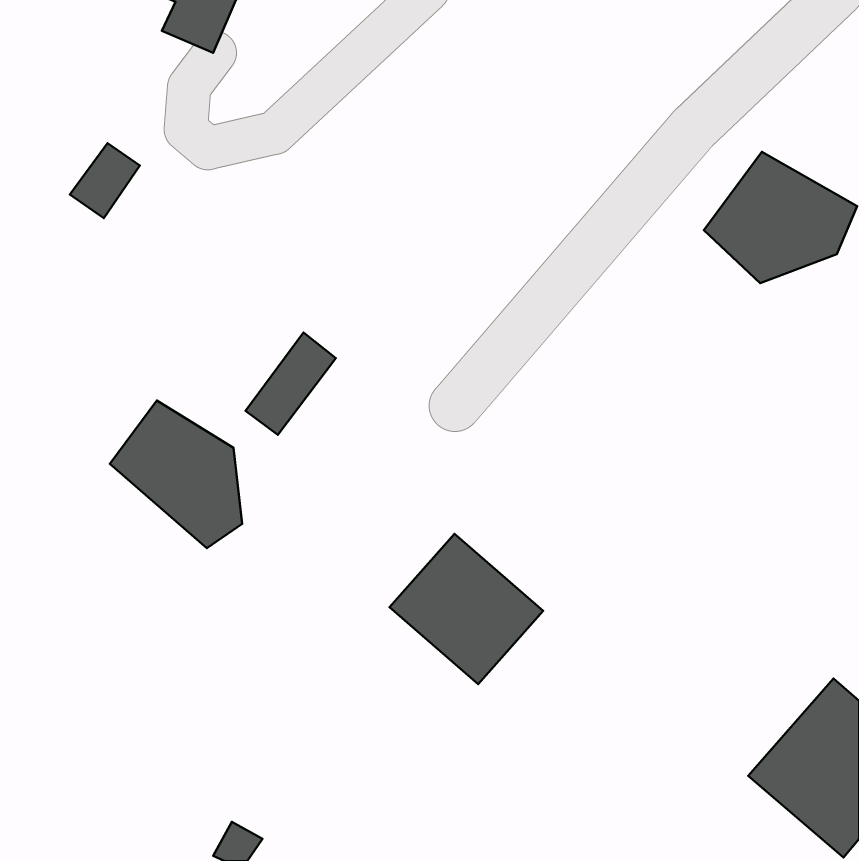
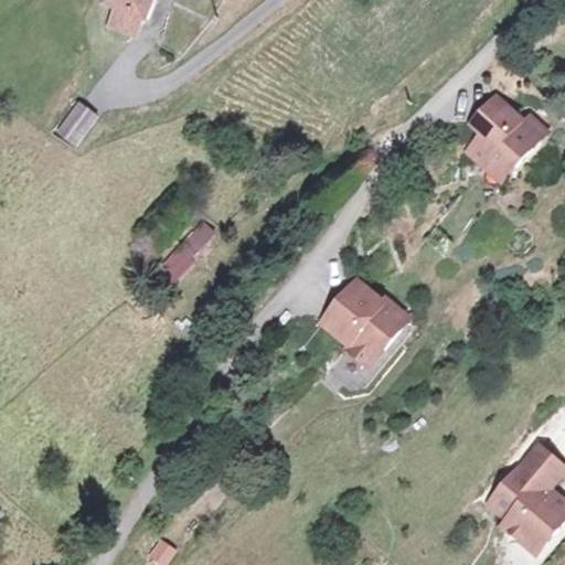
building: [110,400,242,548] -> none
building: [390,534,543,684] -> [317,271,416,369]

